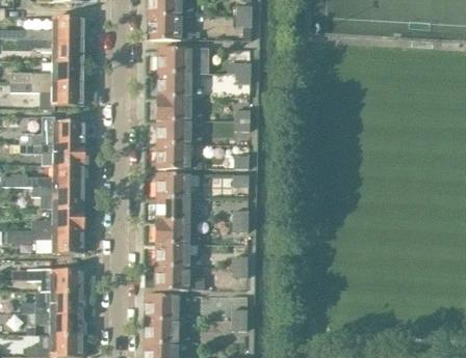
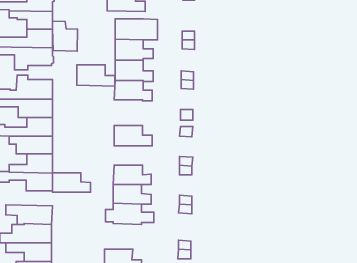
building: none -> [52,21,78,51]
building: [156,145,201,170] -> [77,65,115,86]
building: [156,199,201,222] -> [52,173,90,192]
building: [145,297,188,322] -> none

